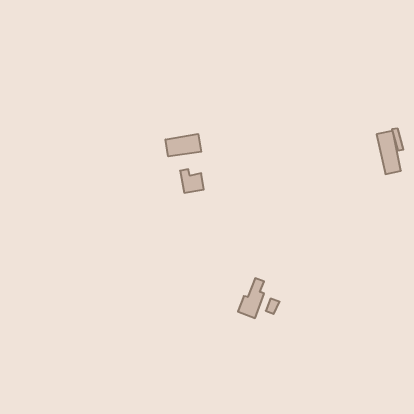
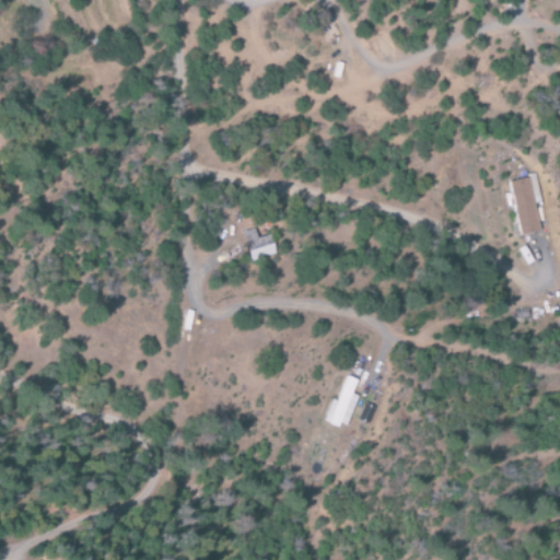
building: [166,134,201,156] -> none

